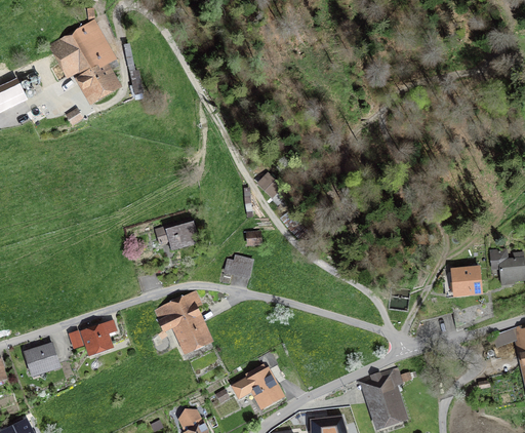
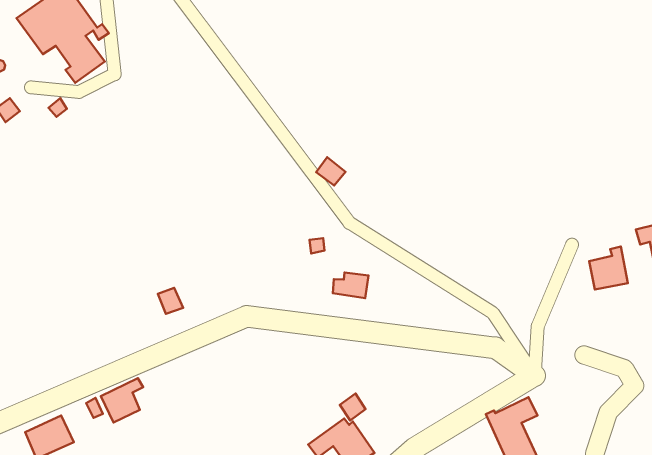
building: [156,220,199,247] -> none
building: [226,257,253,277] -> [333,272,368,298]
building: [155,292,206,348] -> none

